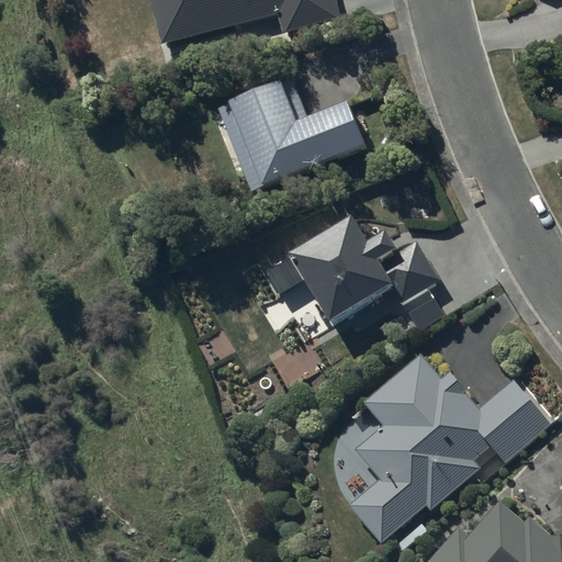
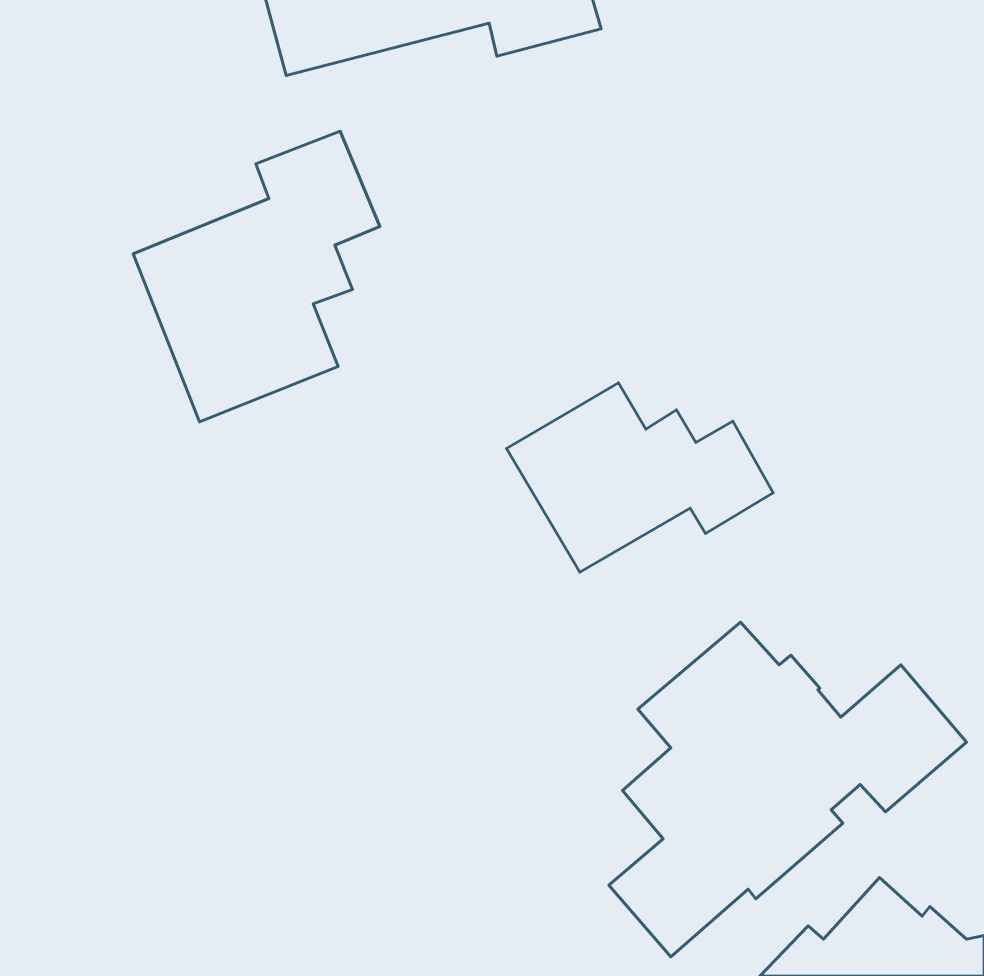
building: none -> [133,131,380,422]
building: [217,85,364,191] -> none

